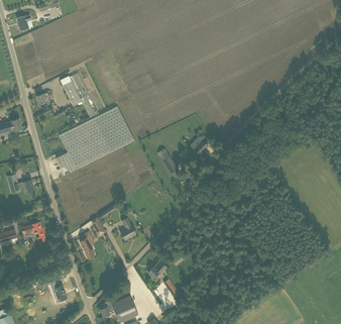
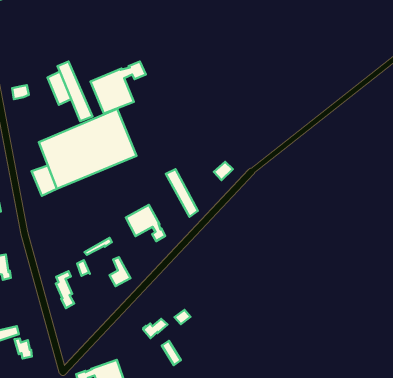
building: none -> [91,62,146,113]
building: none -> [126,205,165,241]

